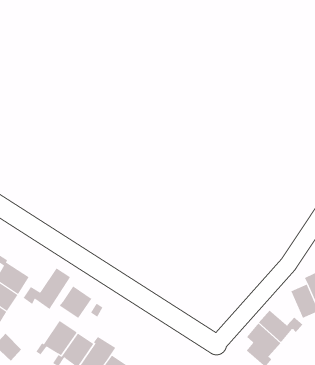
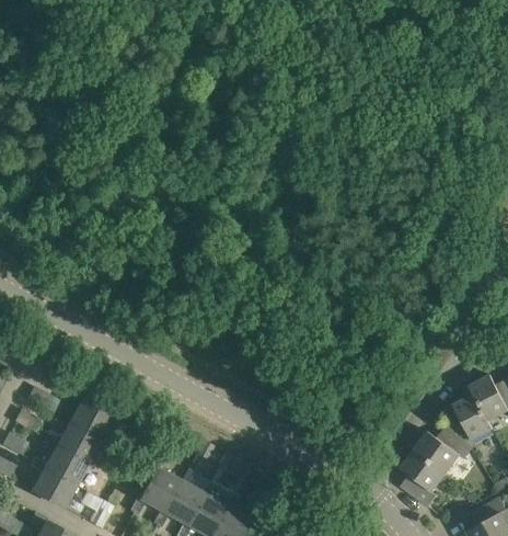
building: [23,268,71,310] -> none
building: [59,286,92,319] -> none

